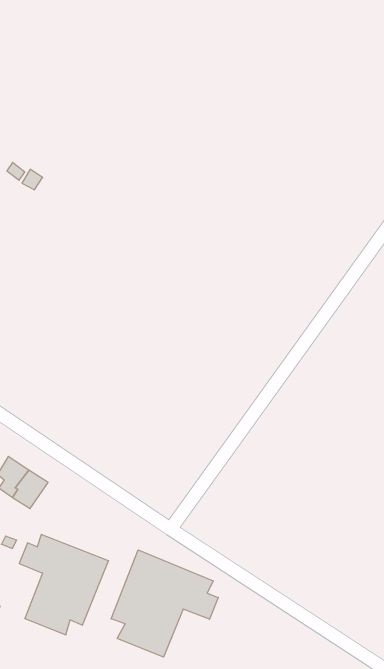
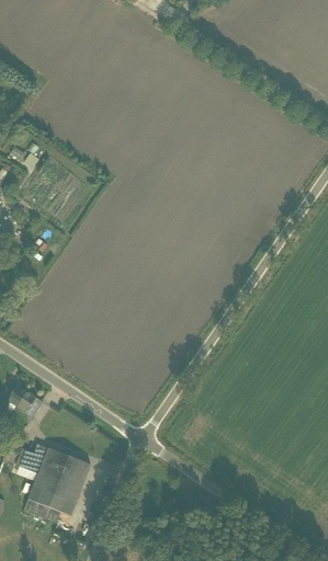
building: [111,550,218,657] -> none

